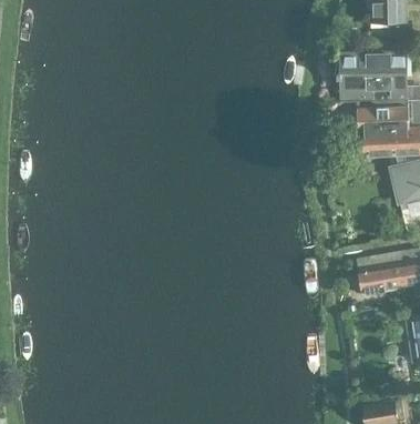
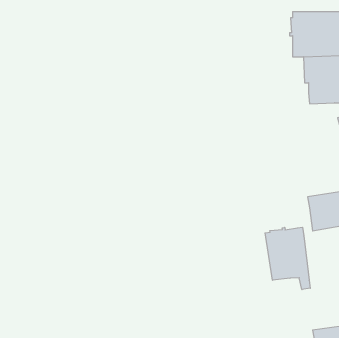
building: none -> [265,227,310,290]

